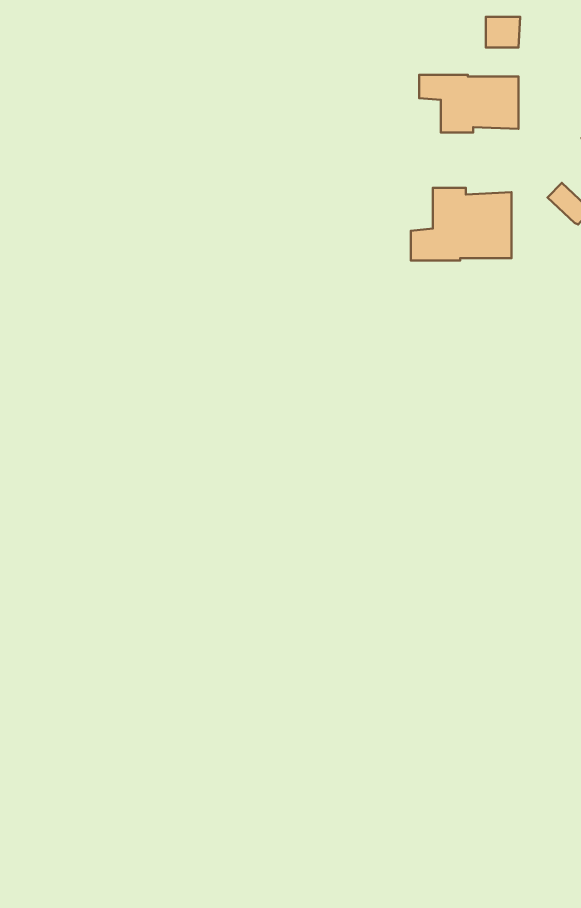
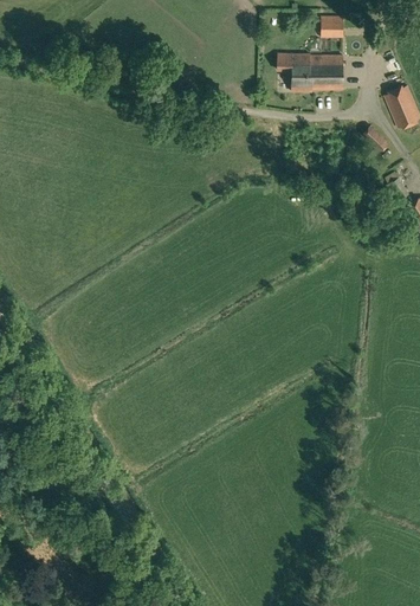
building: [411,188,511,261] -> none

